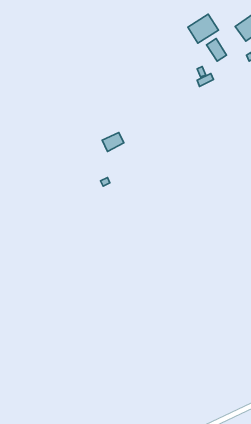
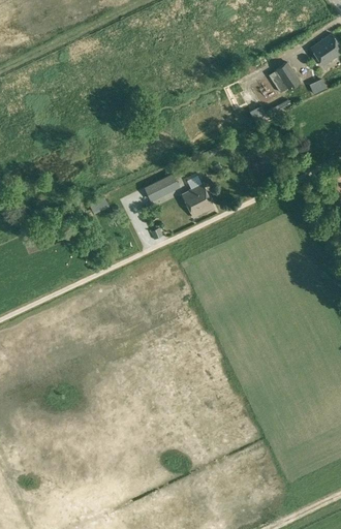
building: [188,14,218,43] -> none
building: none -> [181,184,213,217]

